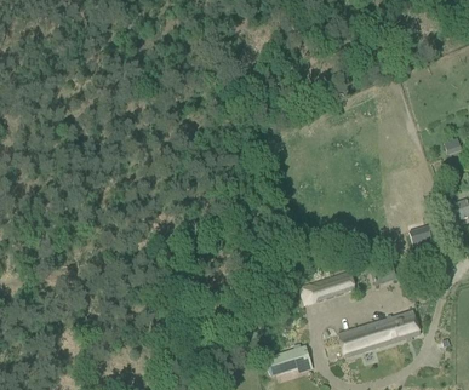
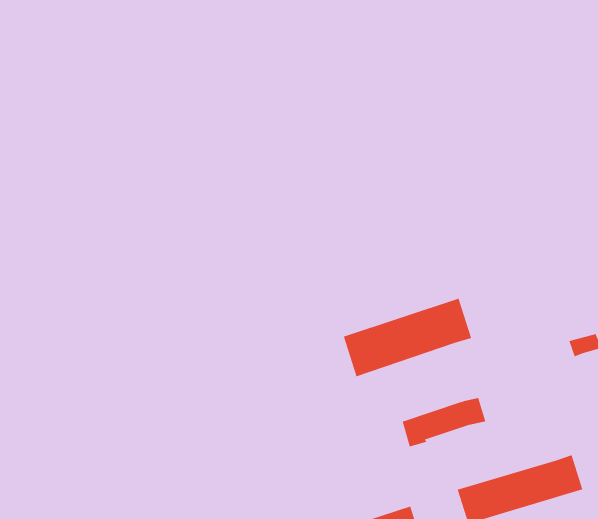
building: none -> [343,298,472,377]

